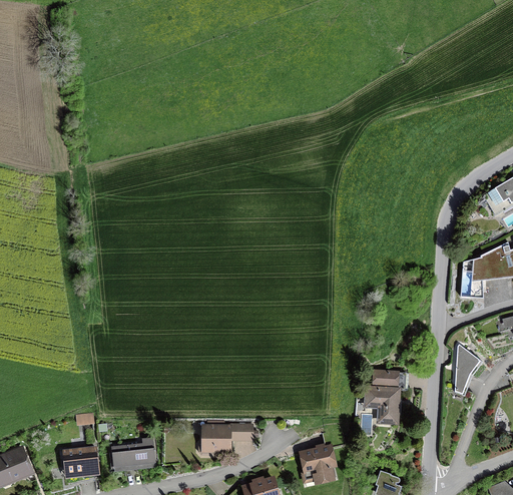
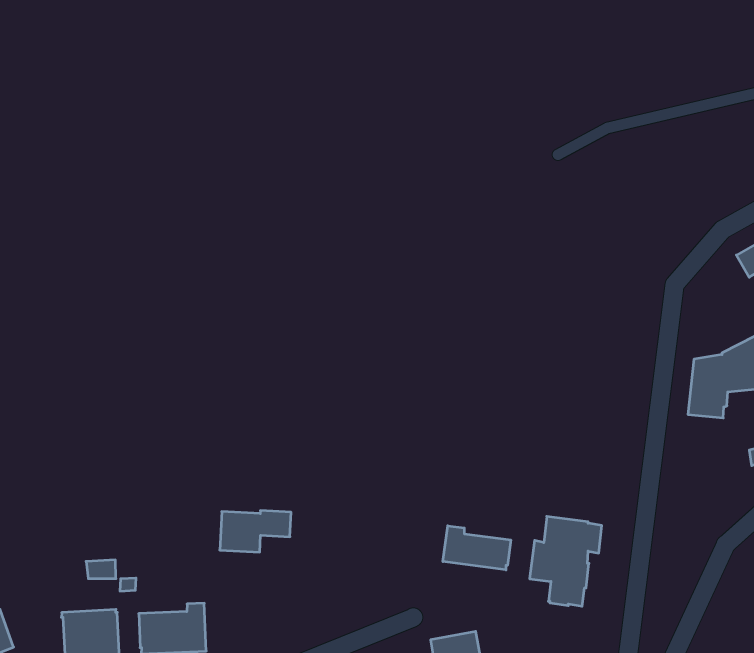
building: [455,344,481,395] -> none
building: none -> [443,526,511,570]
building: [205,424,250,451] -> [220,511,291,552]

